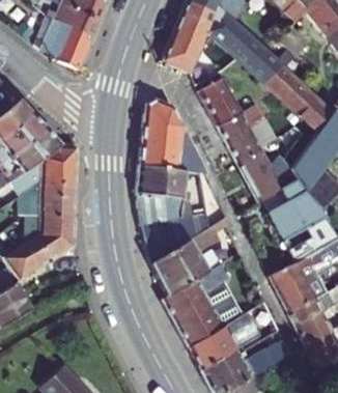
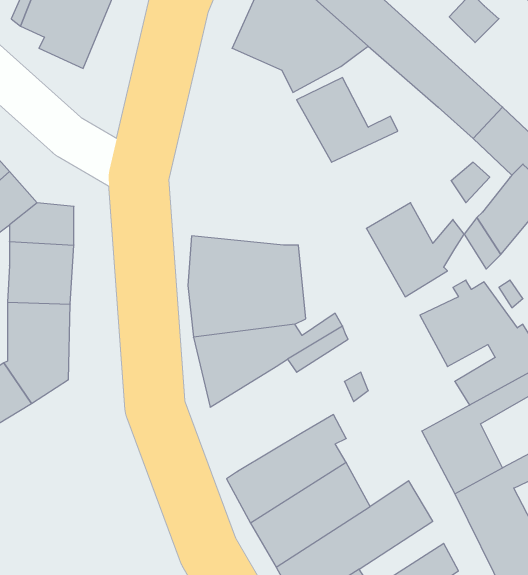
building: [140,96,192,170] -> none
building: [219,105,279,161] -> none
building: [150,238,202,298] -> none

